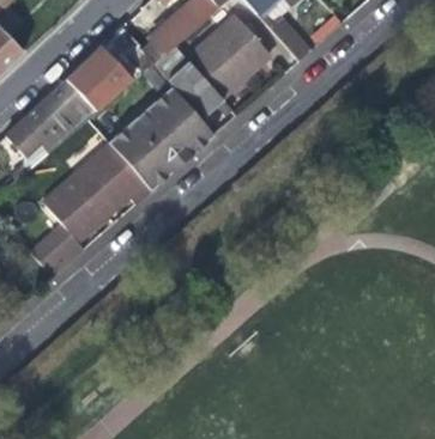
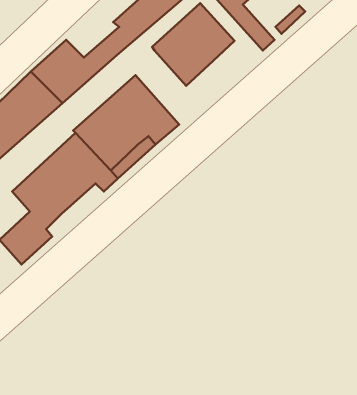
building: [168,59,225,117] -> none

